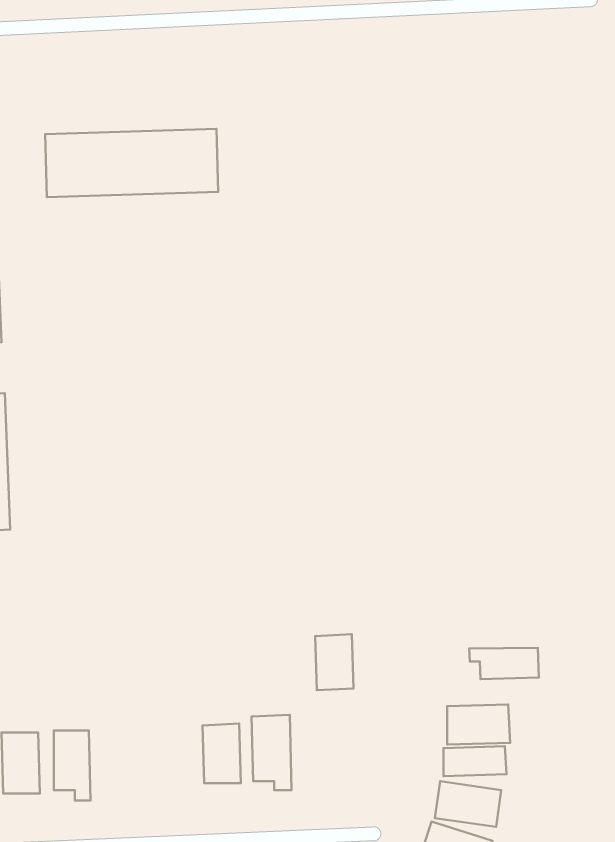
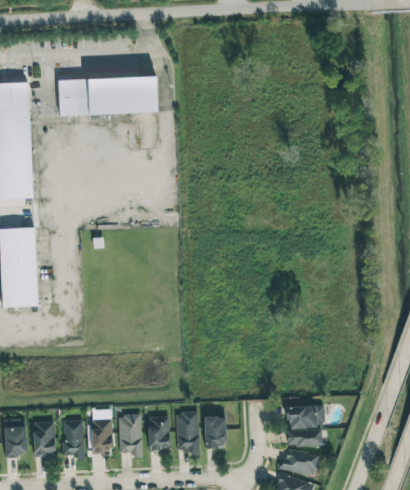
building: [315,634,354,690] -> [204,416,226,448]
building: [469,648,539,679] -> none
building: none -> [90,411,112,453]
building: none -> [119,414,142,454]

